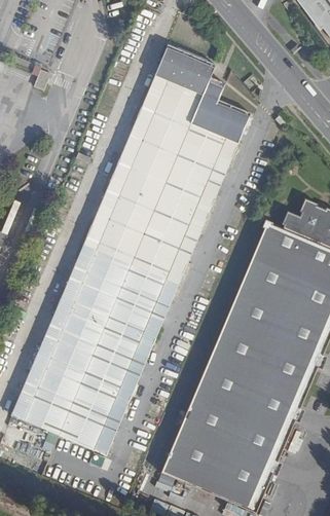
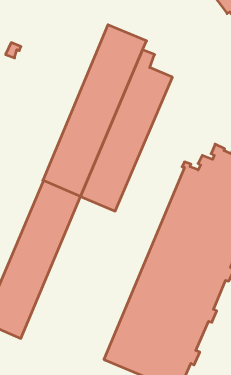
building: [57,263,178,464] -> none

